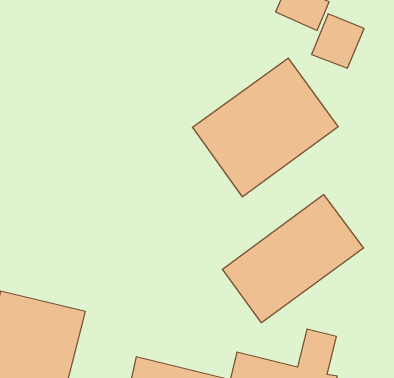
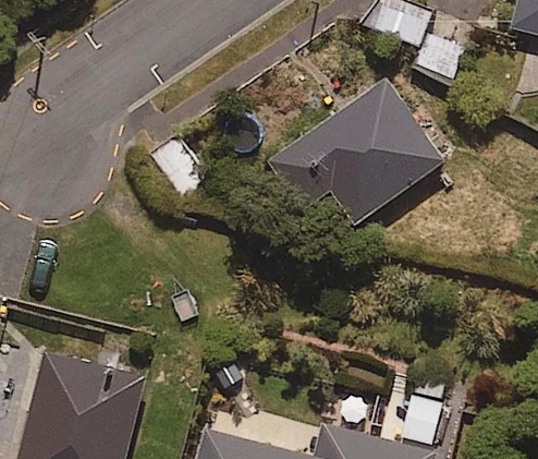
building: [222,195,363,323] -> none

